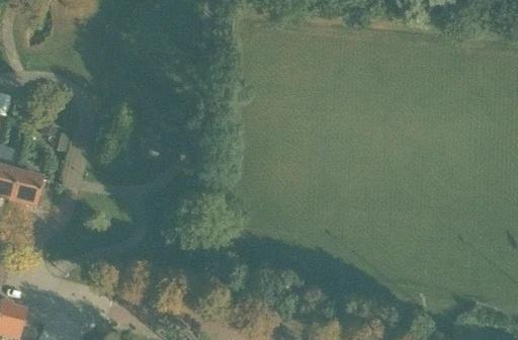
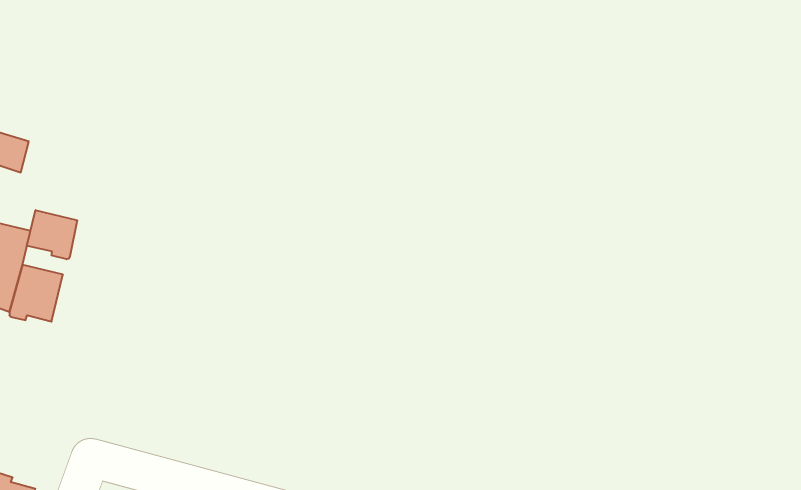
building: none -> [27,210,77,259]

